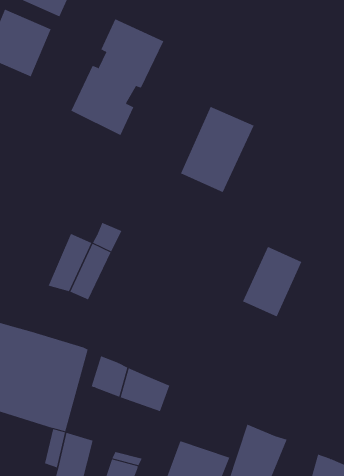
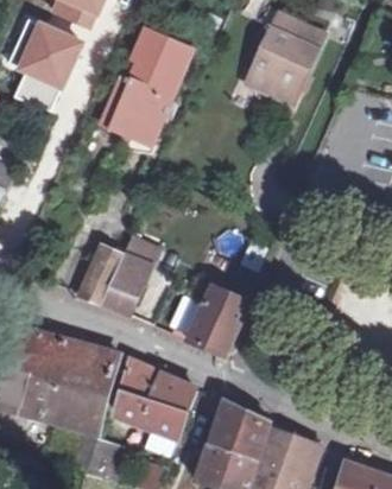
building: [180,106,254,193] -> [253,15,327,101]
building: [242,246,302,317] -> [188,285,247,355]
building: none -> [115,394,188,442]
building: none -> [207,402,270,463]

